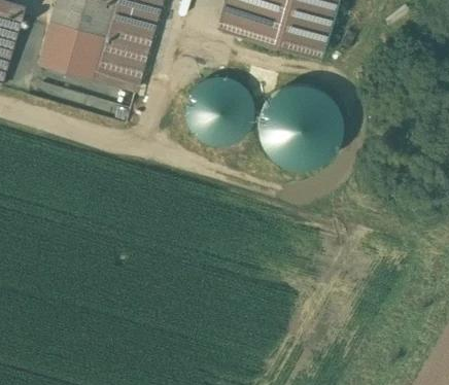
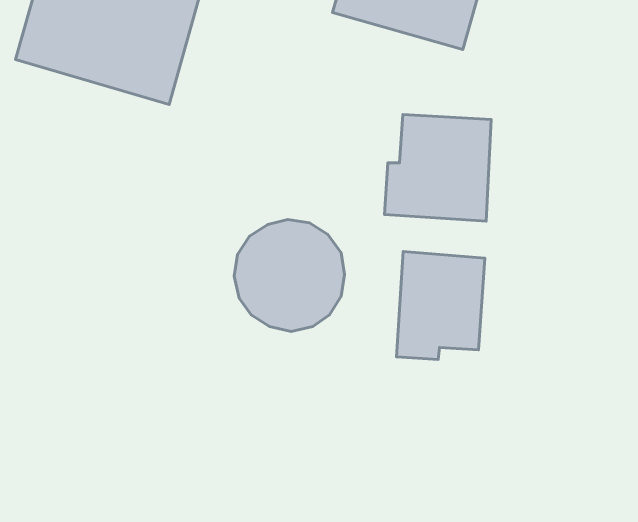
building: [185,75,253,144] -> [234,220,345,331]
building: none -> [396,251,485,360]

